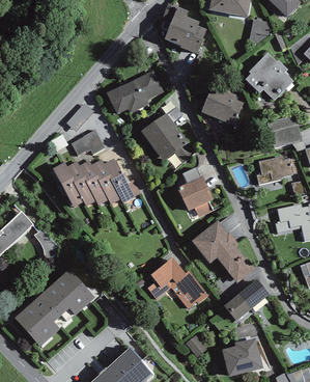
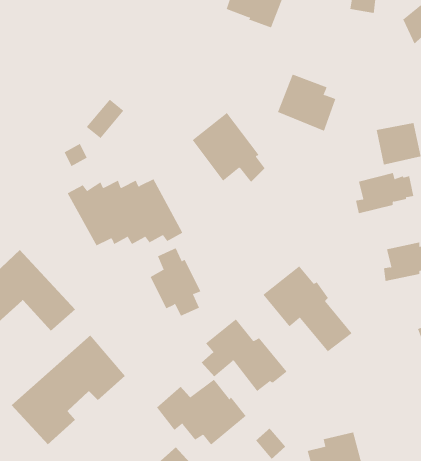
building: [245,53,293,101] -> none
building: [107,71,164,114] -> none
building: [69,129,105,155] -> none
building: [177,167,214,216] -> [150,247,201,317]
building: [224,278,269,320] -> none
building: none -> [156,379,247,445]

